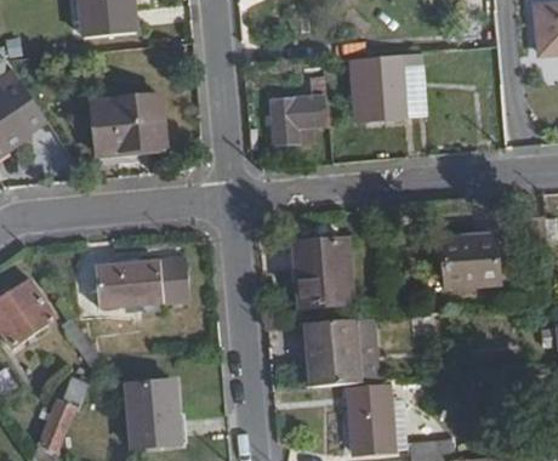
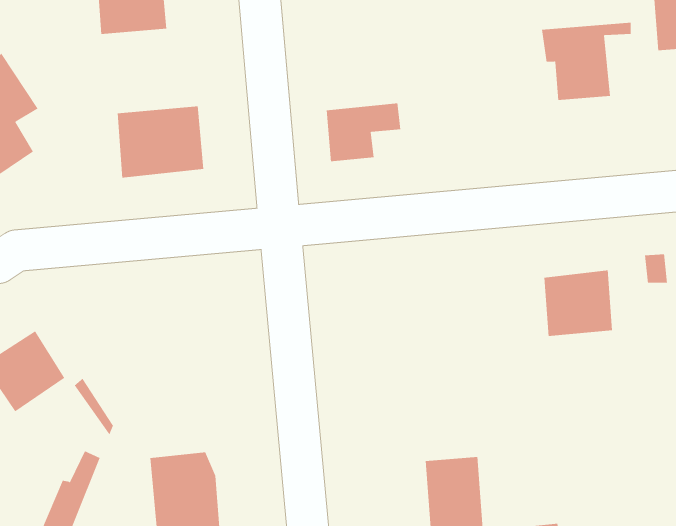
building: [352,53,426,118] -> [541,22,632,101]
building: [292,235,348,301] -> none
building: [95,261,190,308] -> none
building: [309,317,360,385] -> none

